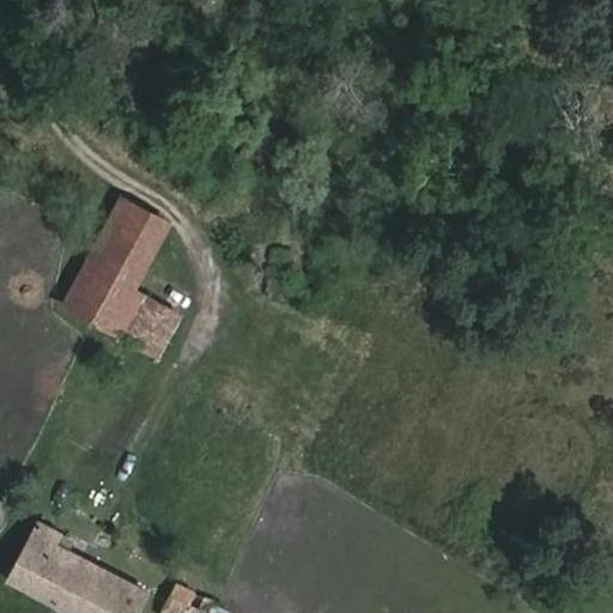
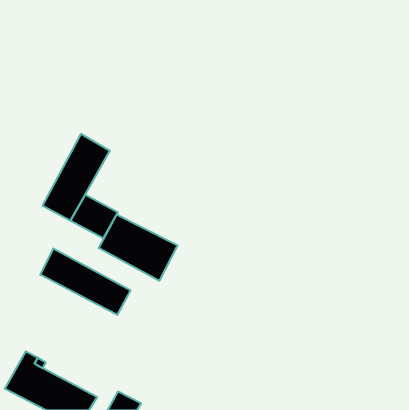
building: none -> [99,214,177,281]
building: none -> [40,248,130,315]

